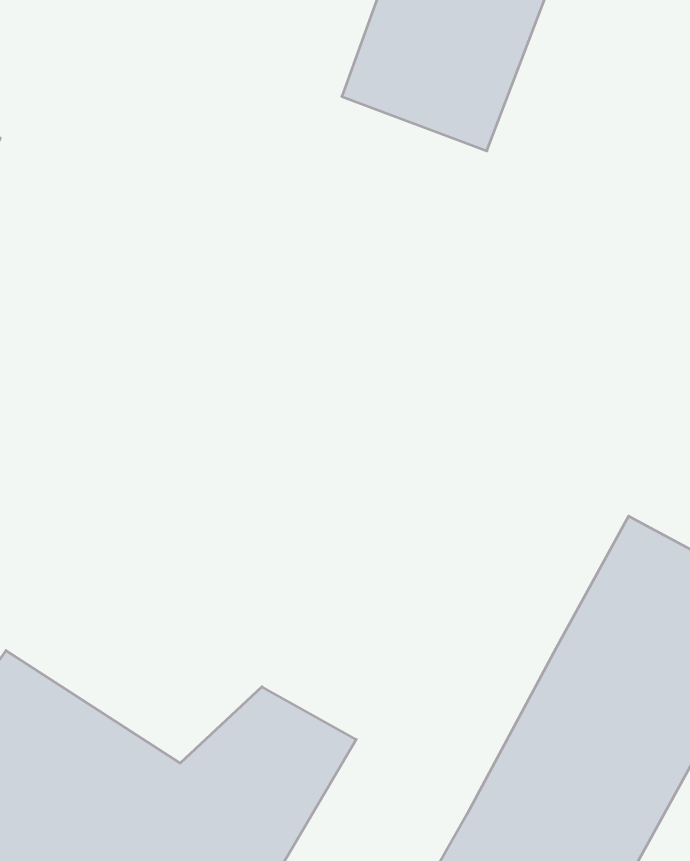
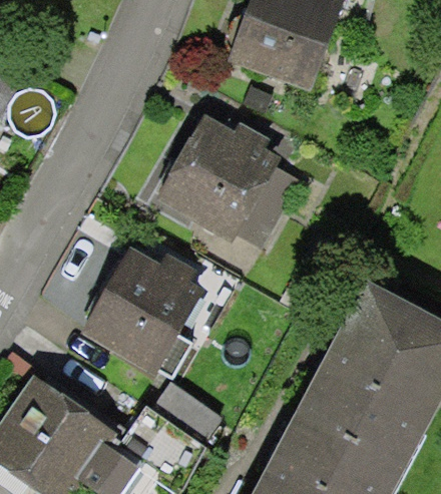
building: none -> [156,116,306,258]
building: none -> [79,248,206,388]

